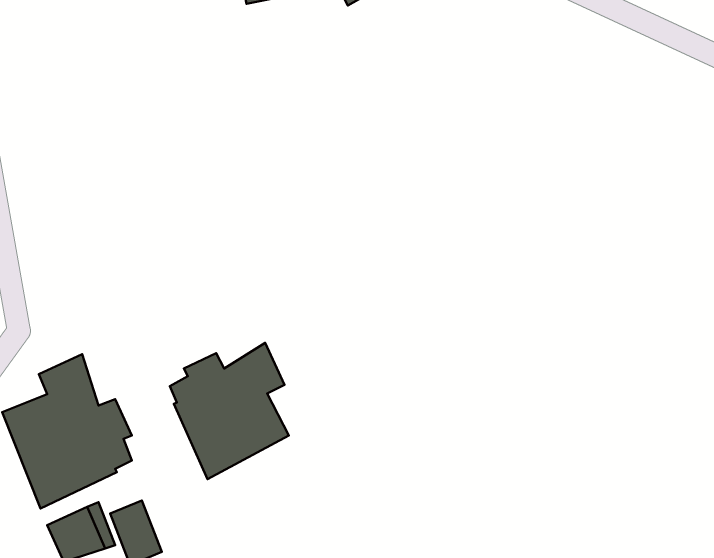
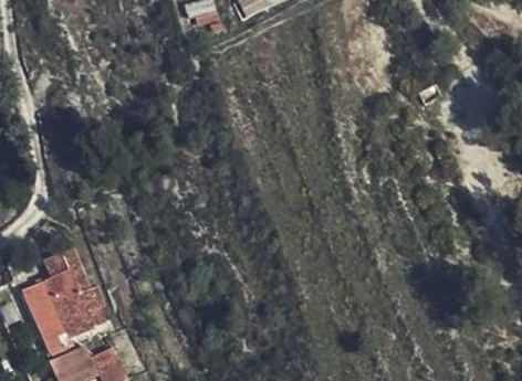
building: [170,343,289,479] -> none

